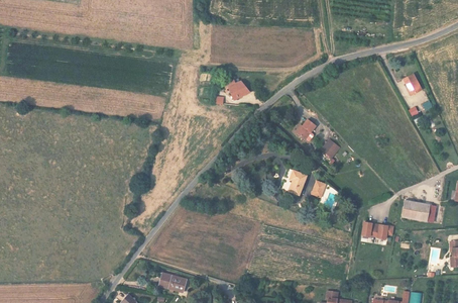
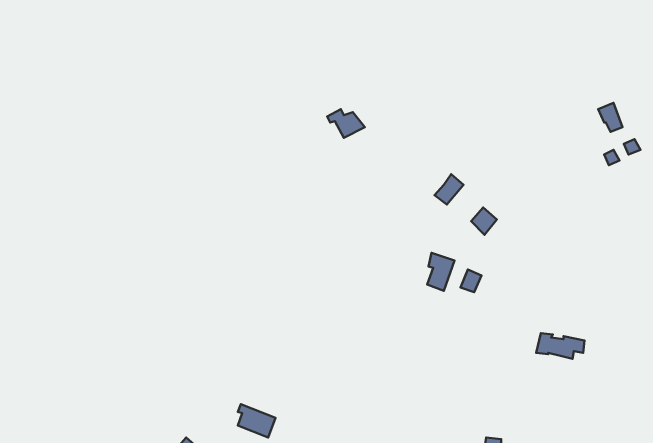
building: [400,201,428,223] -> none

